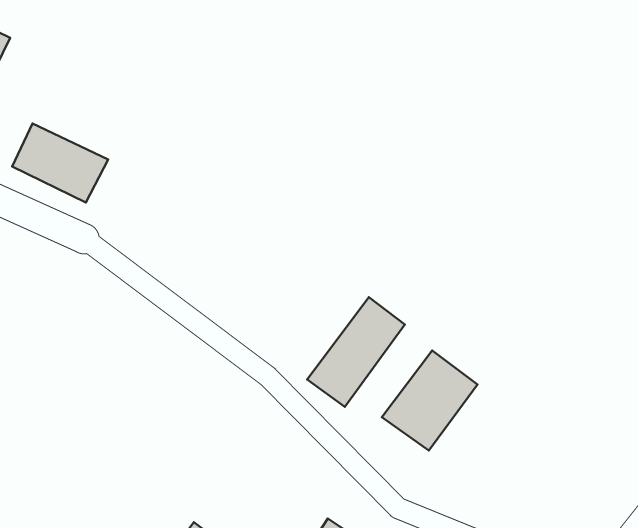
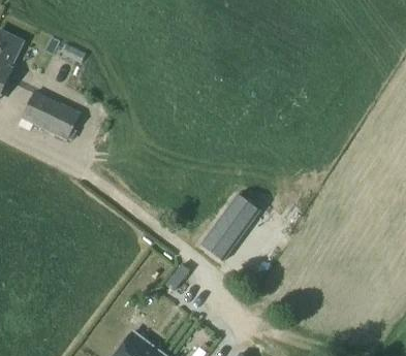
building: [382,351,477,450] -> none

